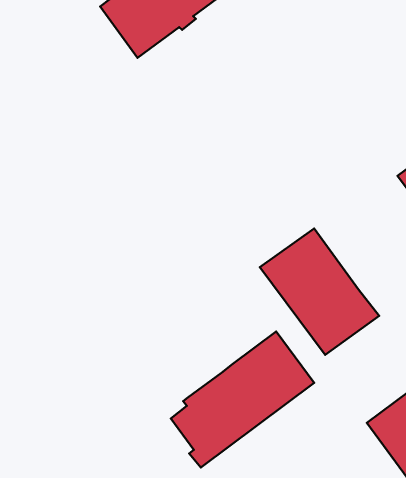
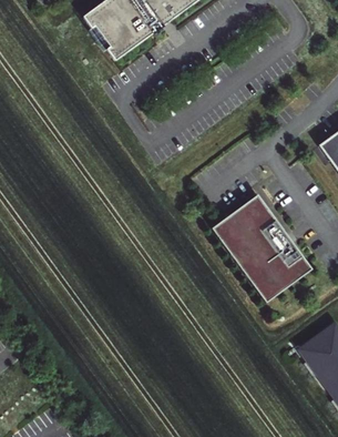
building: [171,332,314,467] -> none

